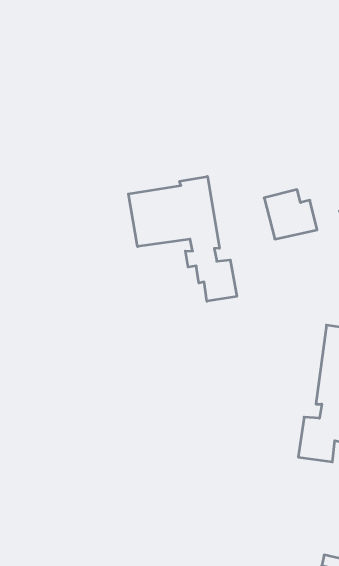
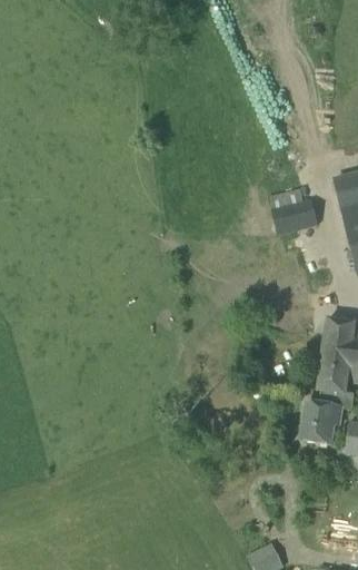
building: [128,176,237,301] -> none

